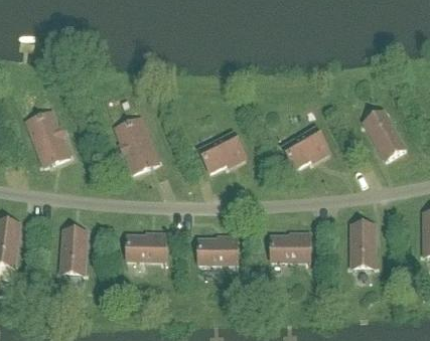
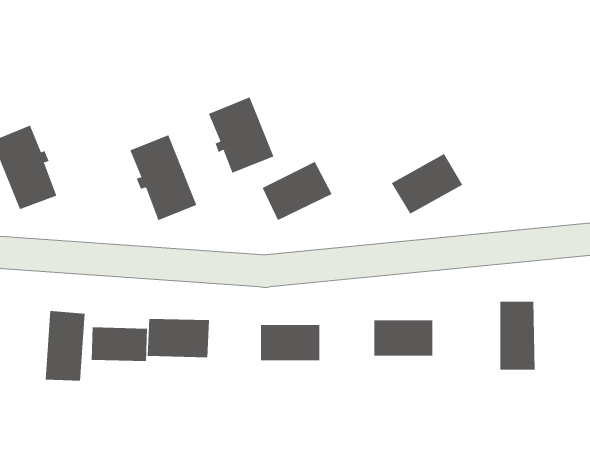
building: none -> [208,97,274,174]
building: [364,112,405,162] -> none
building: none -> [91,327,147,362]

